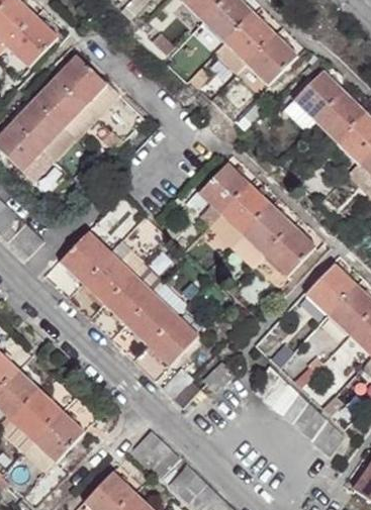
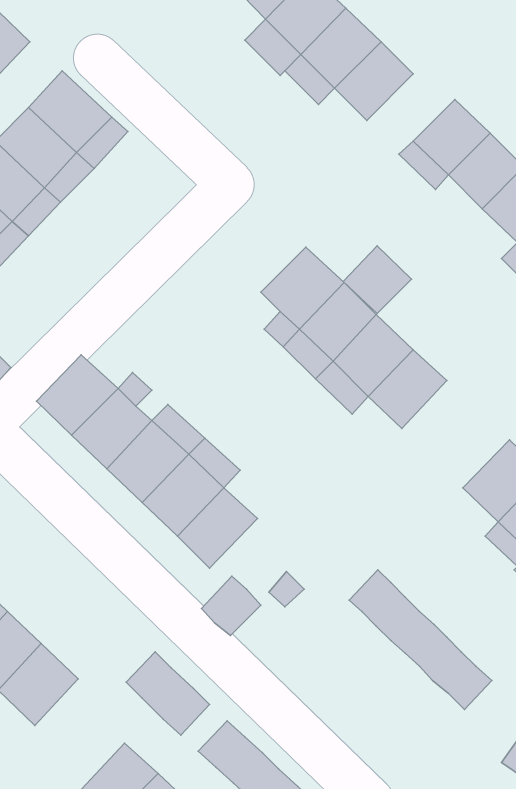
building: none -> [343,246,411,313]
building: [307,265,357,315] -> none

